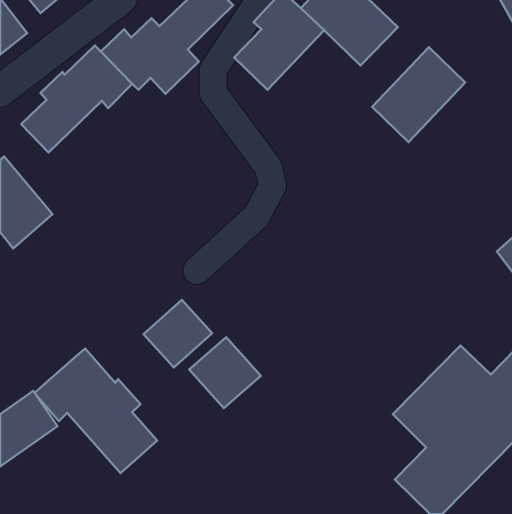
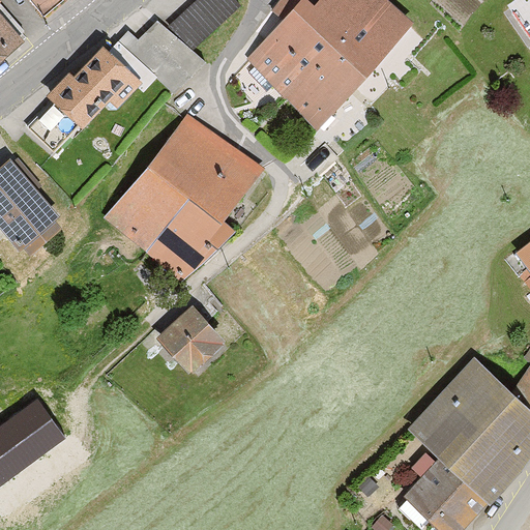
building: [372,47,465,142] -> [278,31,374,128]
building: none -> [105,115,265,277]
building: [189,337,261,408] -> none
building: [35,348,157,473] -> none

